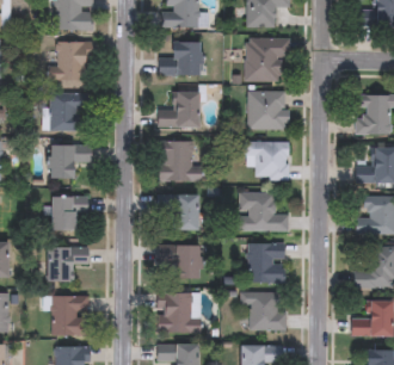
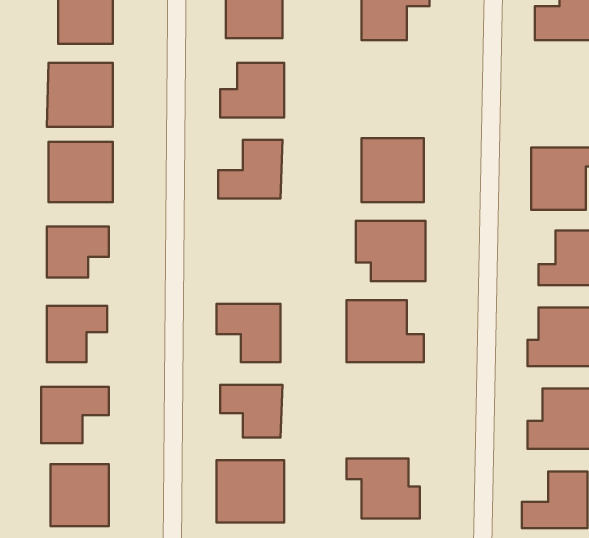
building: [246,36,290,80] -> none
building: [160,140,198,180] -> none
building: [247,242,284,282] -> none

